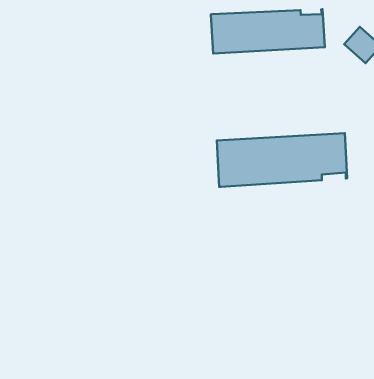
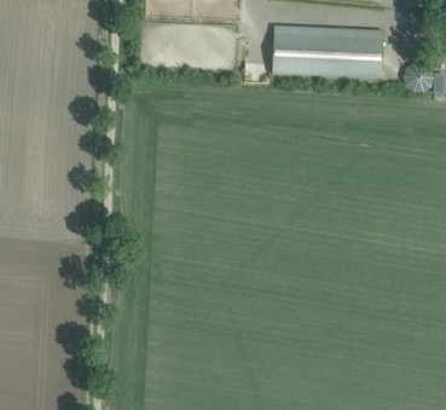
building: [217,133,347,187] -> none

